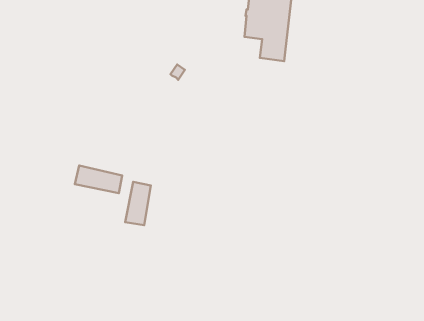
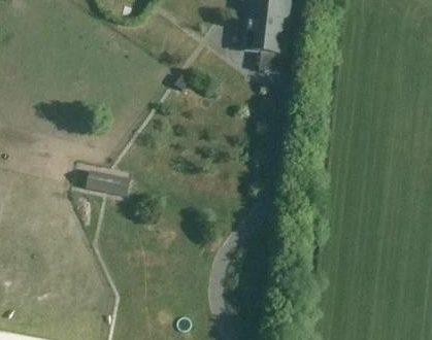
building: [125,182,151,225] -> none

